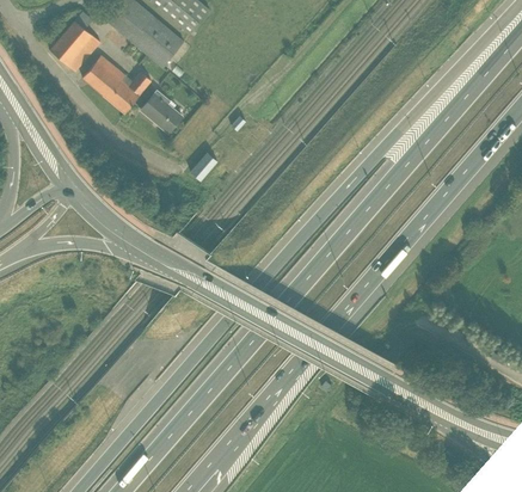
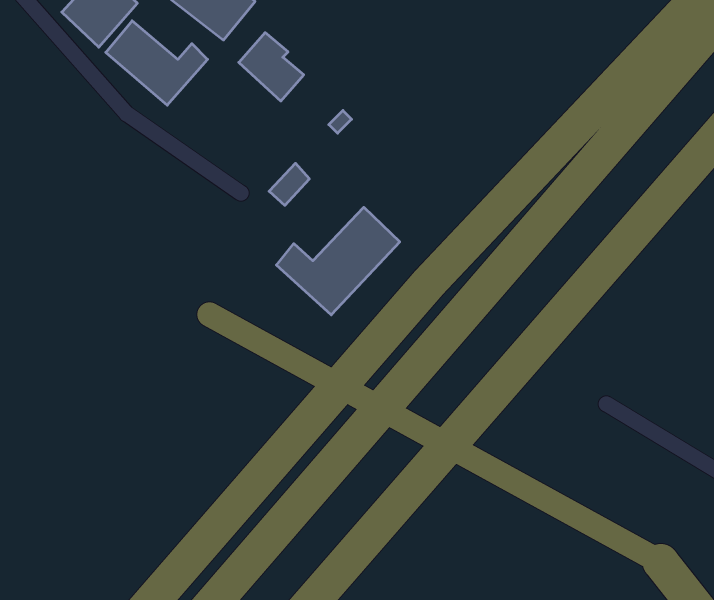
building: [140,87,184,134] -> [239,33,304,101]
building: none -> [276,207,400,315]

